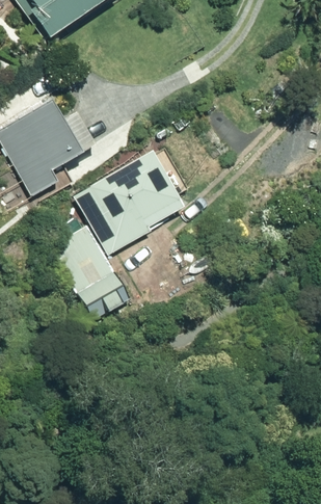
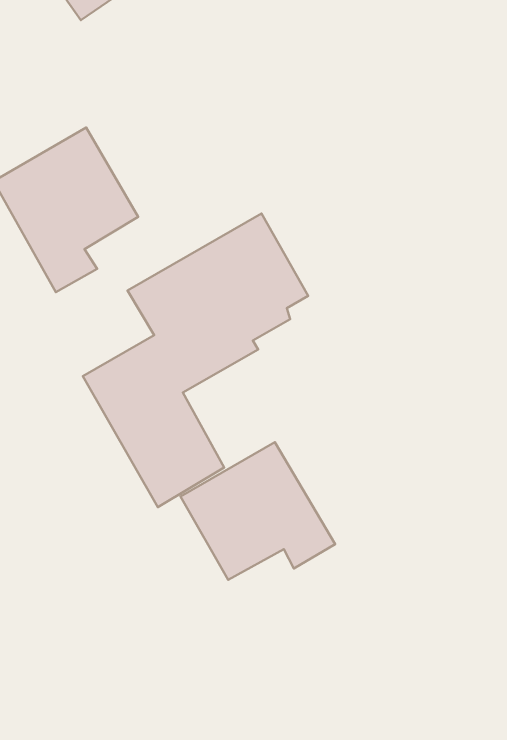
building: none -> [181,442,335,580]

